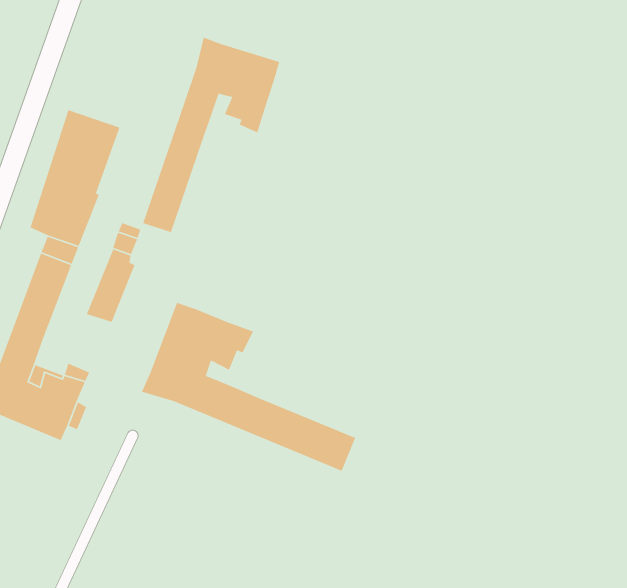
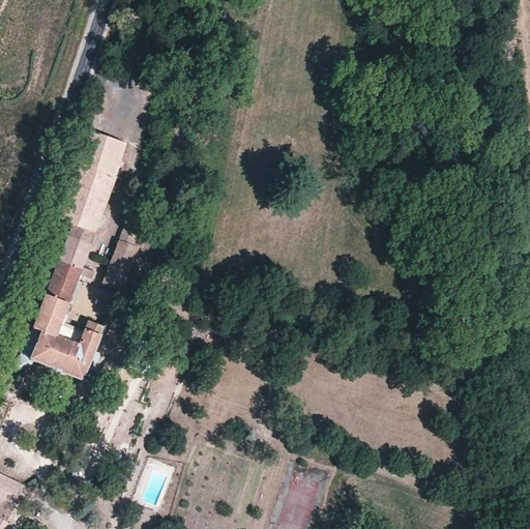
building: [142,36,280,233] -> none
building: [141,302,356,472] -> none

